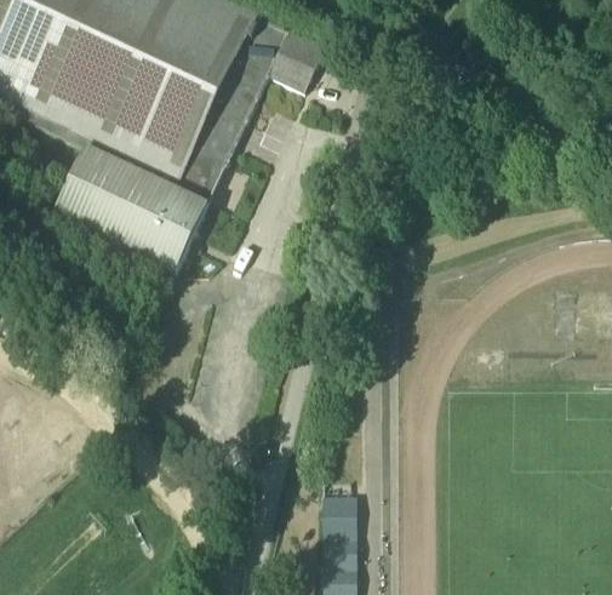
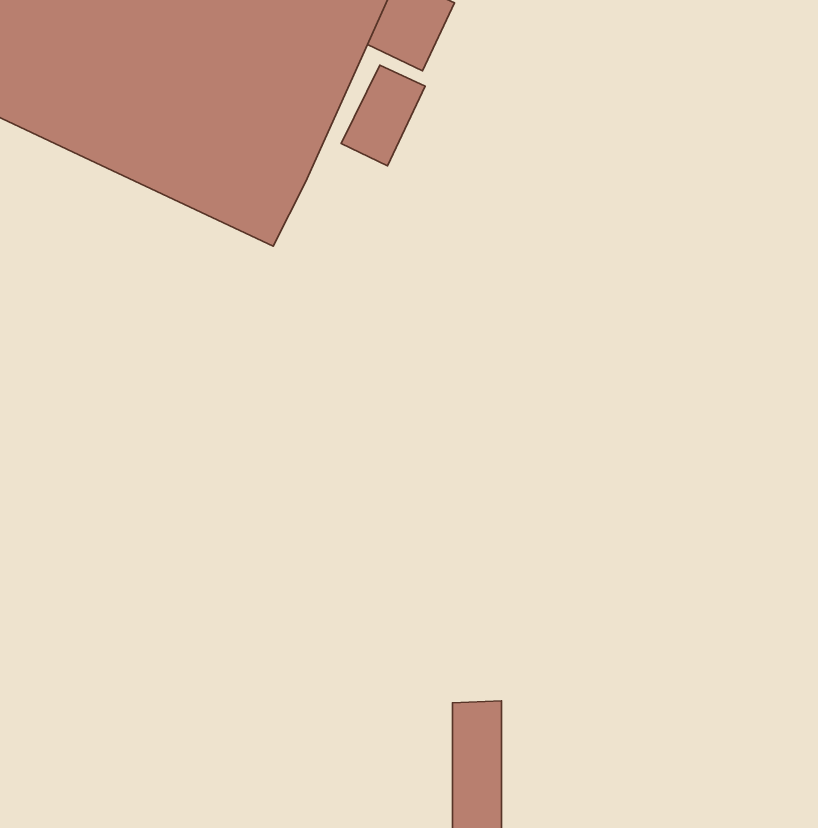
building: none -> [341,65,425,166]
building: [52,147,206,271] -> none

